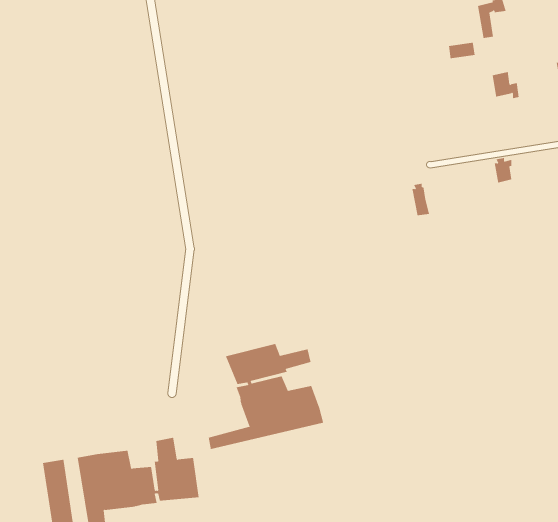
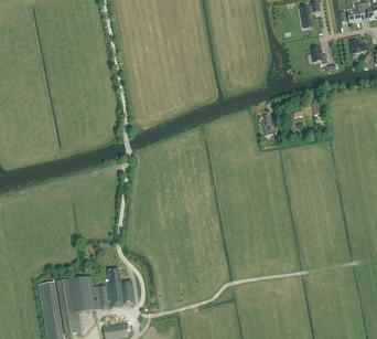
building: [208,343,324,450] -> none

